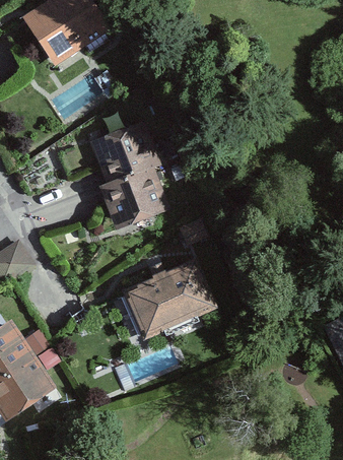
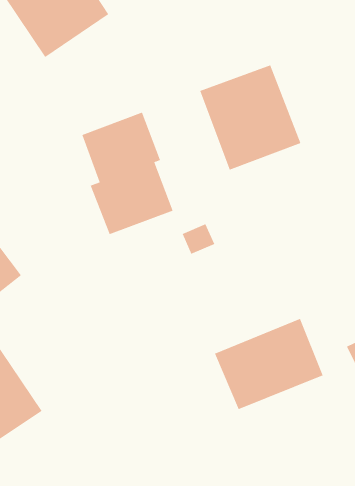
building: none -> [200,65,301,170]
building: [121,258,217,339] -> [214,318,323,410]

